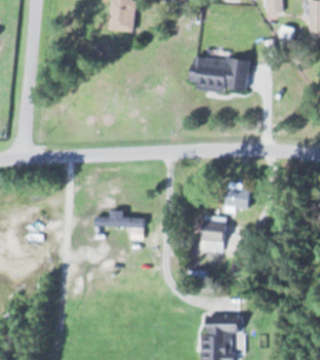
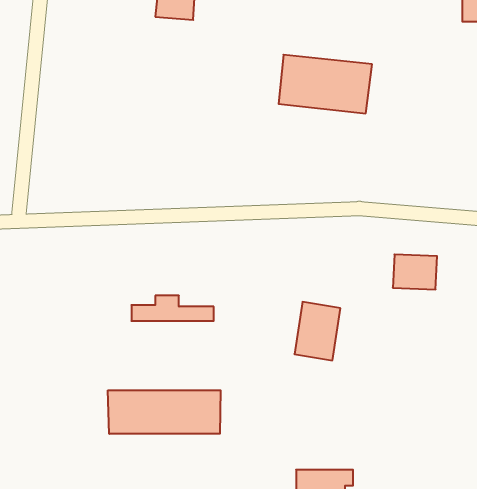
building: [224,187,252,209] -> [393,254,437,289]
building: none -> [108,390,221,434]

